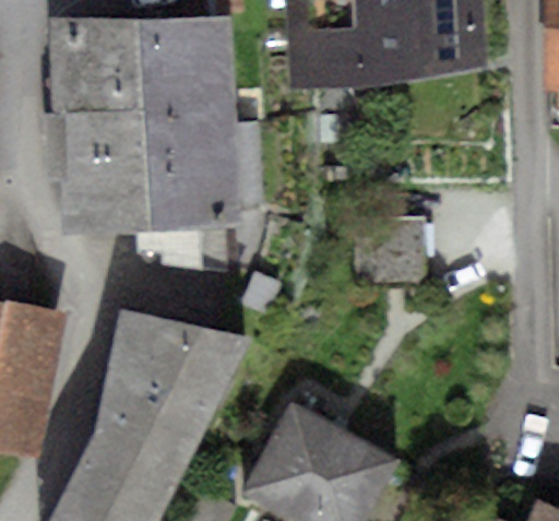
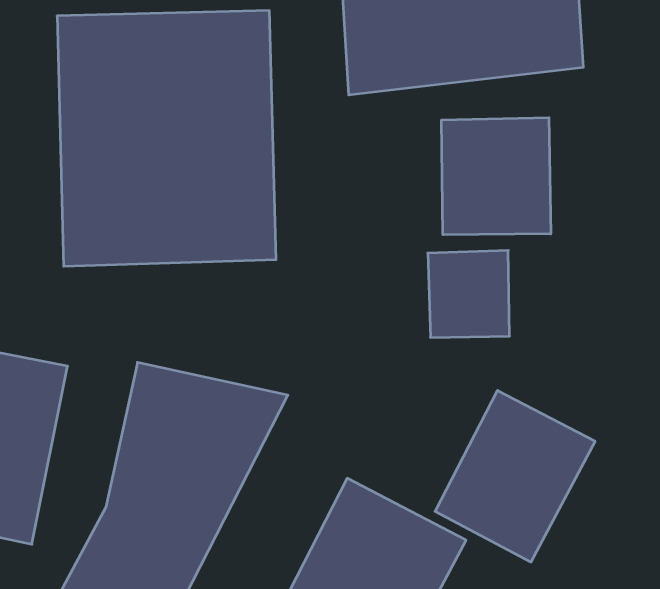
building: none -> [442,118,551,235]
building: none -> [435,390,595,562]

